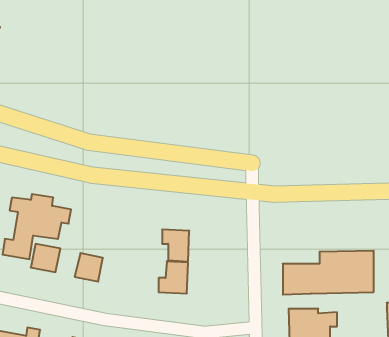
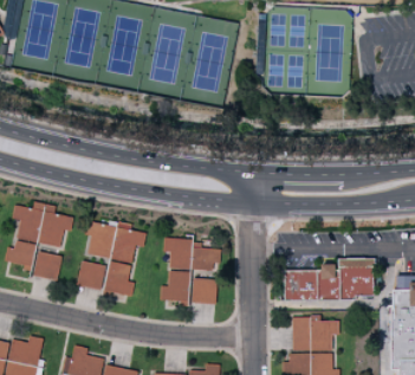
building: none -> [85,221,147,296]
building: none -> [192,248,220,271]
building: none -> [192,278,216,304]

